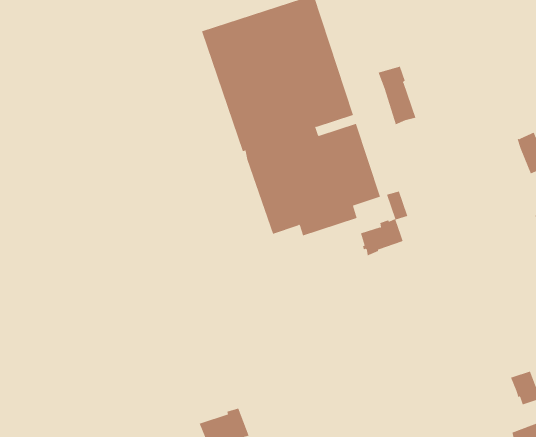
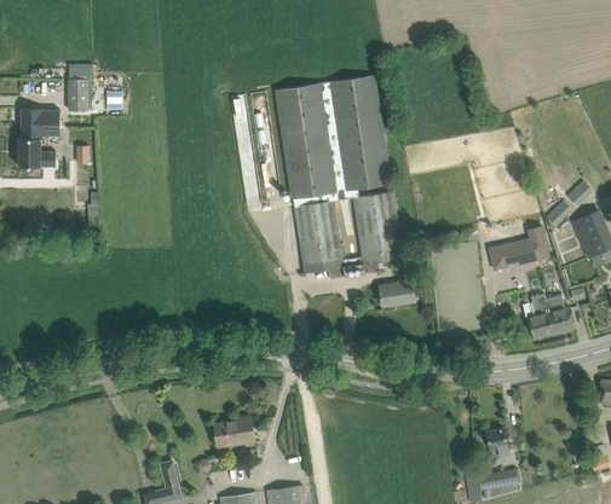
building: [378,66,416,125] -> none
building: none -> [488,237,532,271]

